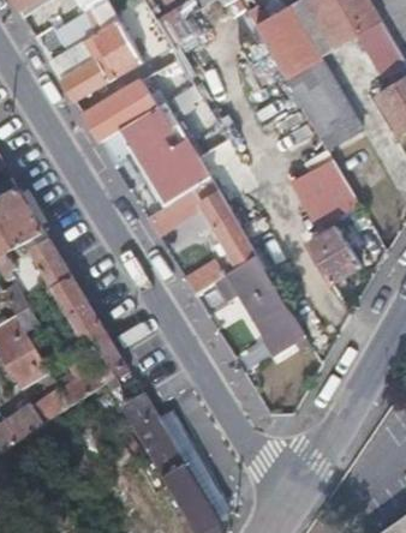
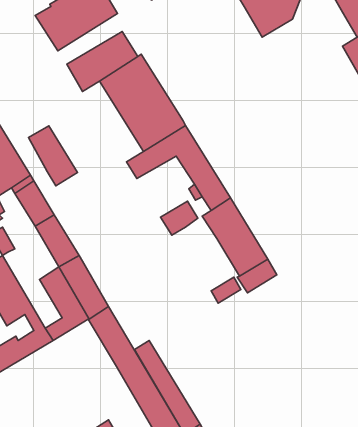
building: [292,67,363,149] -> none
building: [292,156,362,283] -> none
building: none -> [28,126,77,186]

